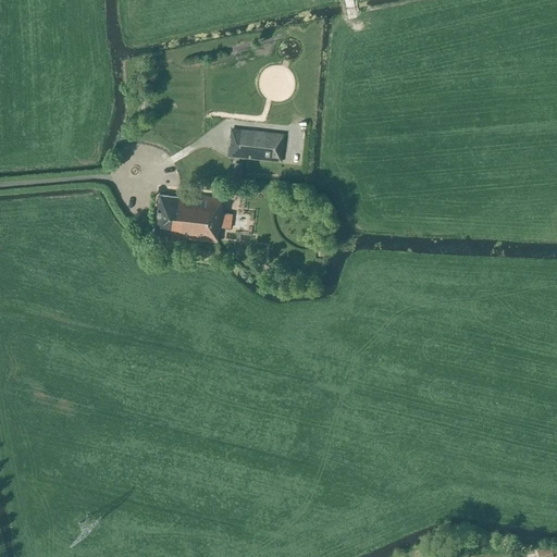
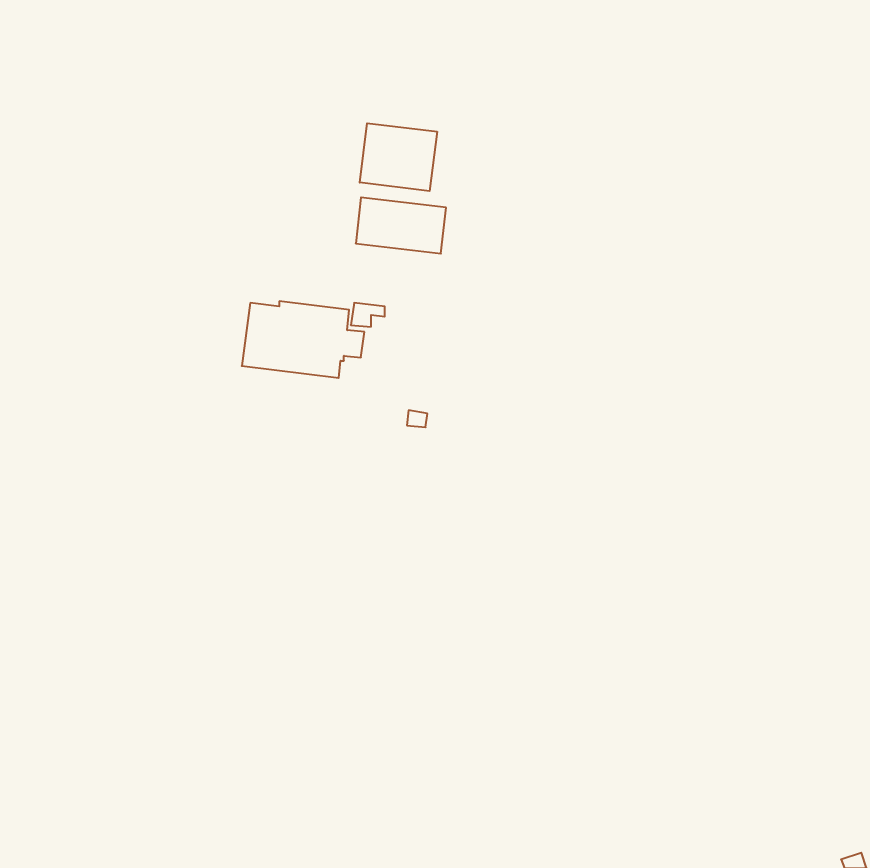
building: none -> [360,123,437,191]

